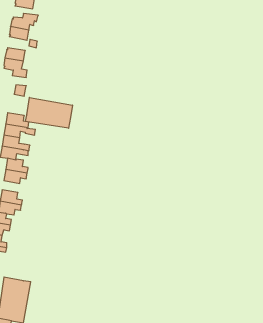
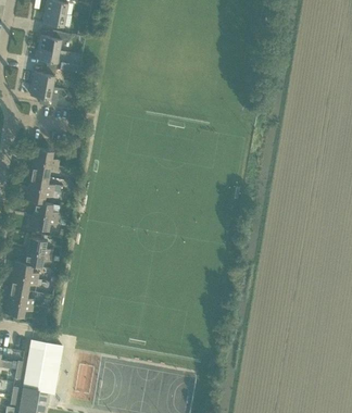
building: [25,97,72,128] -> none

